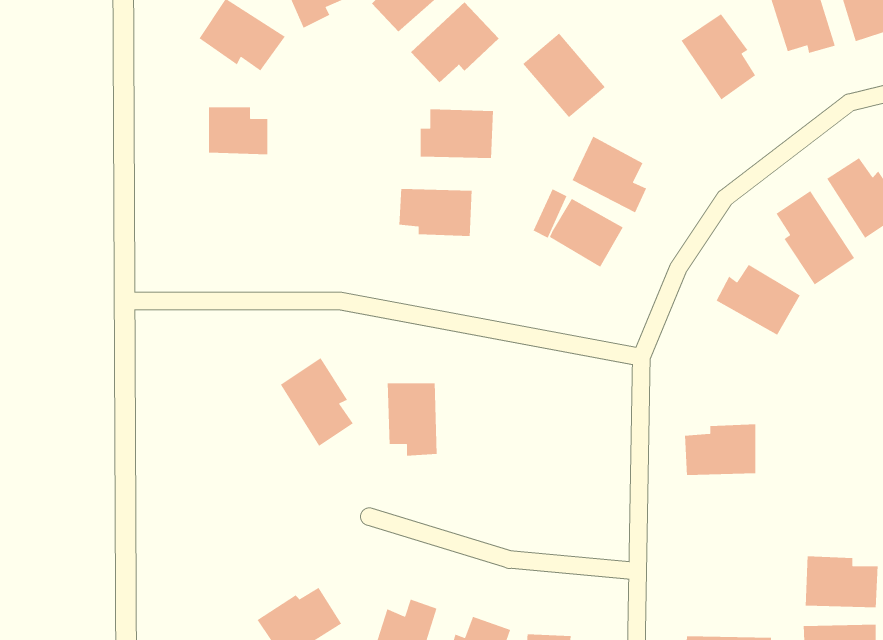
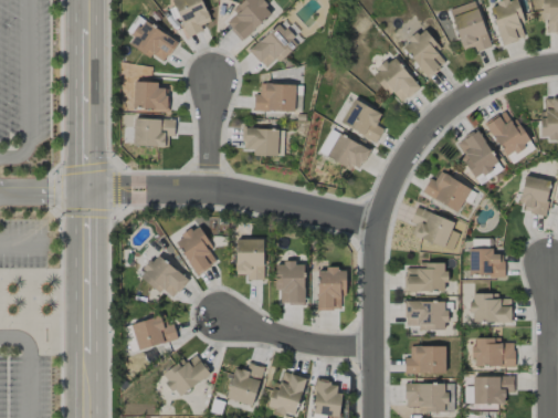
building: [522,33,606,118] -> [373,56,421,105]
building: none -> [134,118,176,147]
building: none -> [411,207,461,251]
building: none -> [470,249,506,276]
building: none -> [139,253,189,297]
building: none -> [276,262,306,304]
building: none -> [318,269,347,310]
building: none -> [472,293,513,323]
building: none -> [406,301,448,331]
building: none -> [131,314,179,351]
building: none -> [406,346,446,374]

